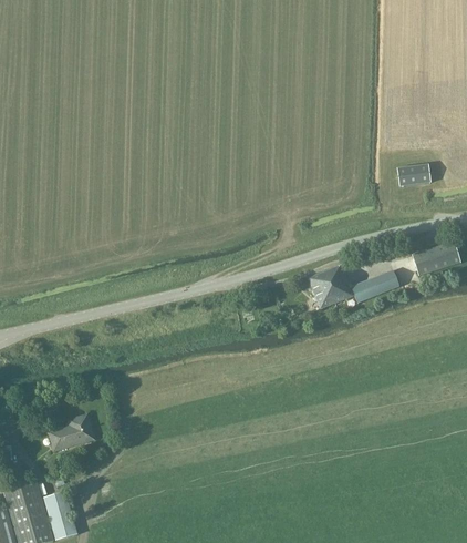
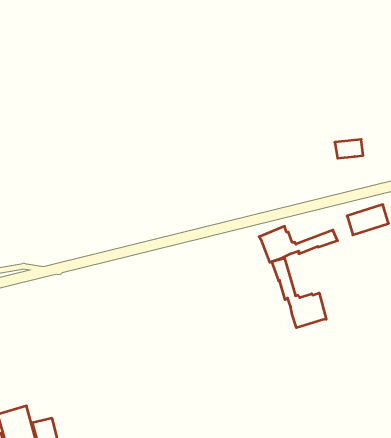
building: none -> [272,258,326,328]
building: [48,414,95,453] -> none

